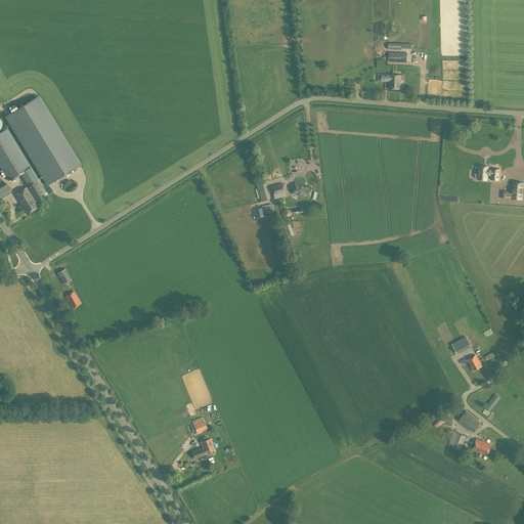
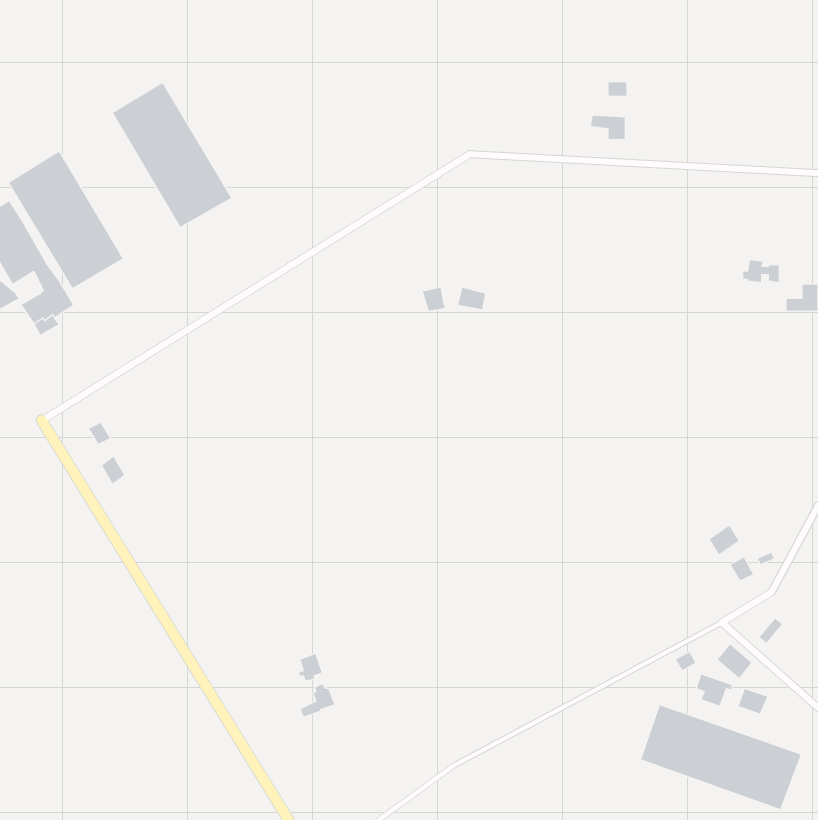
building: none -> [112,82,232,228]
building: none -> [640,705,801,810]

